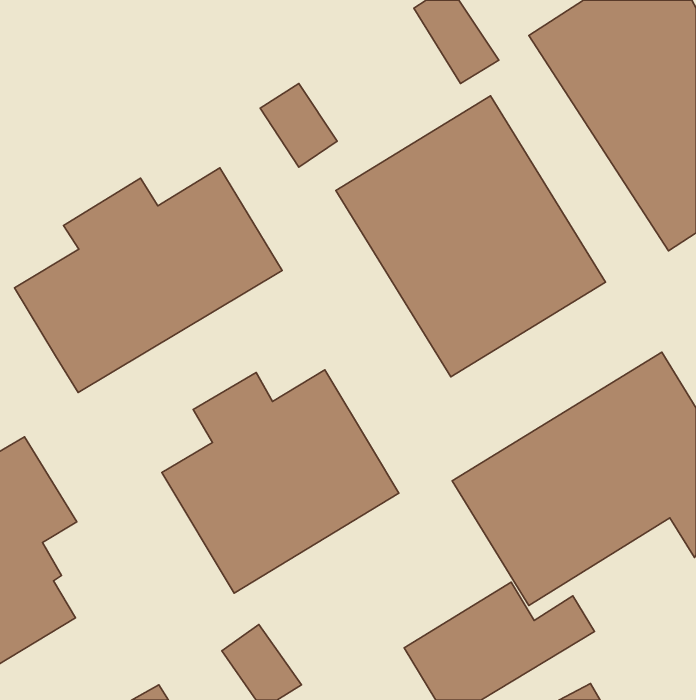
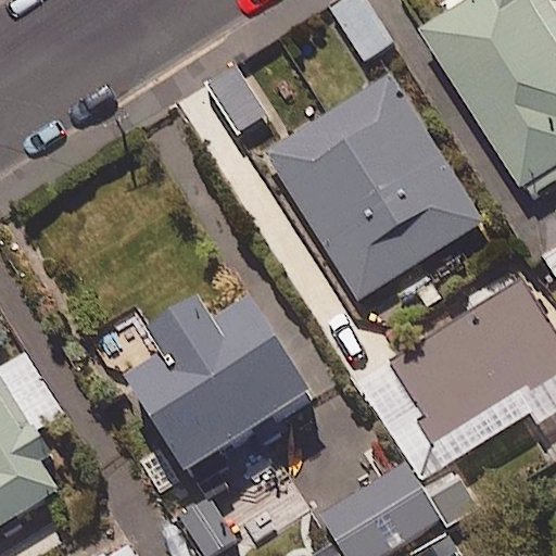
building: [15,168,282,393] -> none

